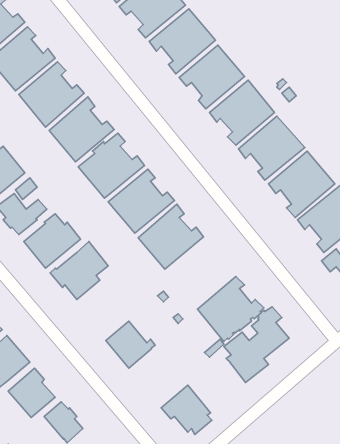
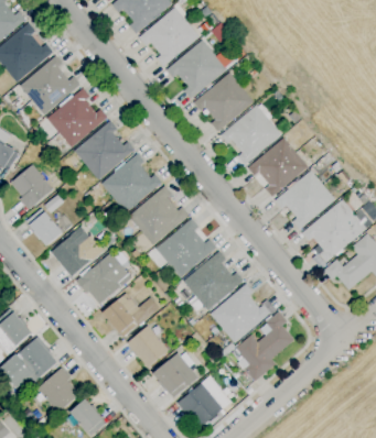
building: none -> [183,251,244,311]
building: none -> [103,293,160,337]
building: none -> [153,352,198,397]

